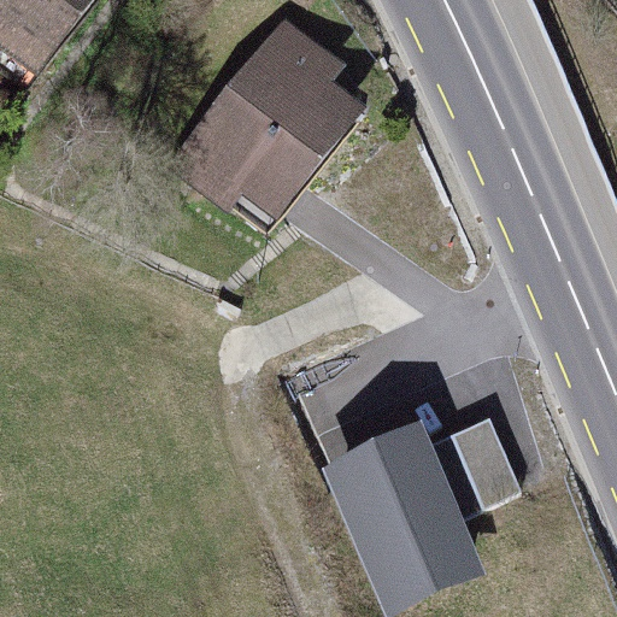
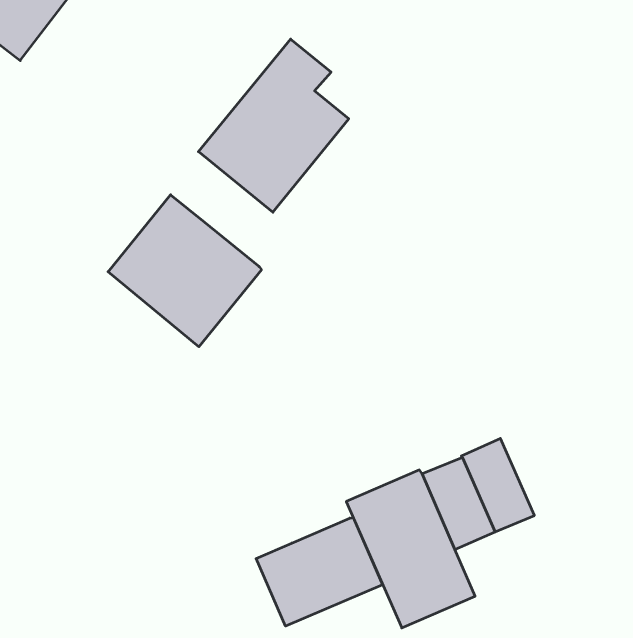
building: none -> [108,195,261,347]
building: none -> [256,517,382,626]

